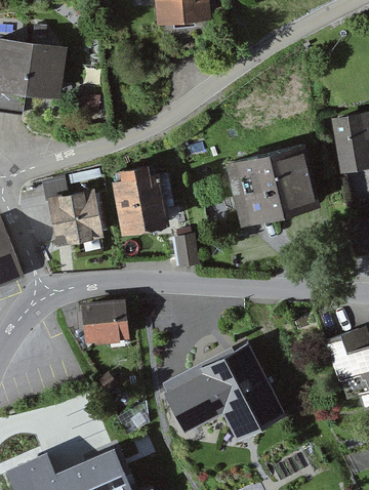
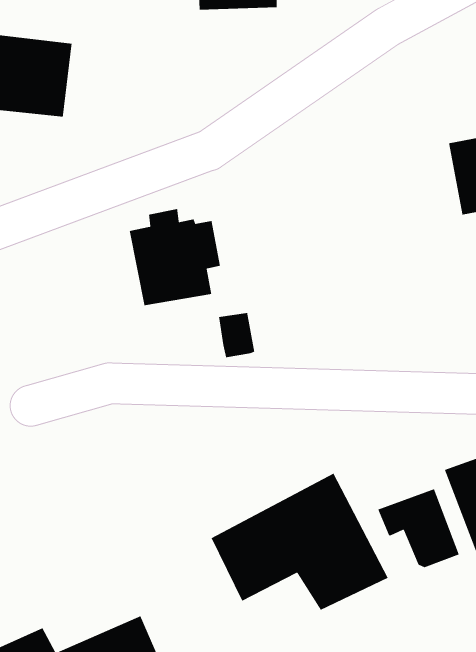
building: [224,140,316,221] -> none
building: [45,188,101,241] -> none
building: [82,300,125,338] -> none
building: none -> [377,488,460,568]

